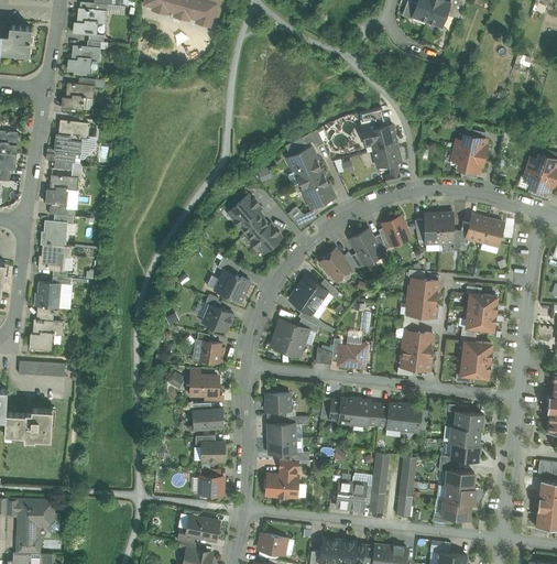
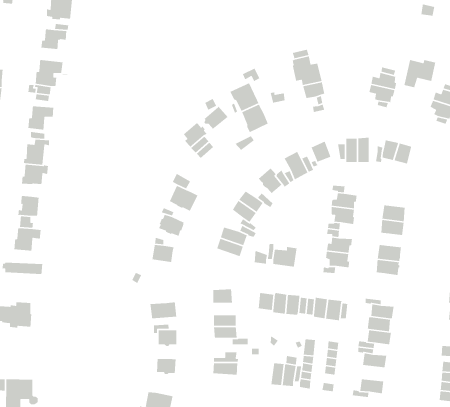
building: none -> [404,59,436,88]
building: [252,224,282,252] -> [204,106,229,130]
building: [193,376,218,395] -> none
building: [444,485,474,503] -> none

